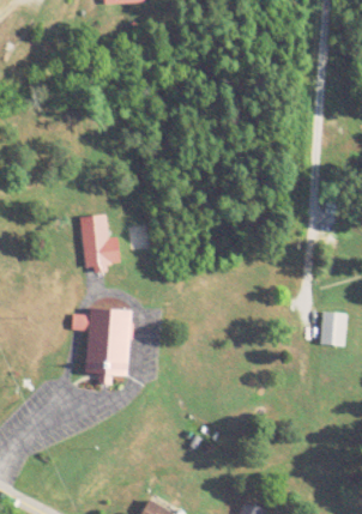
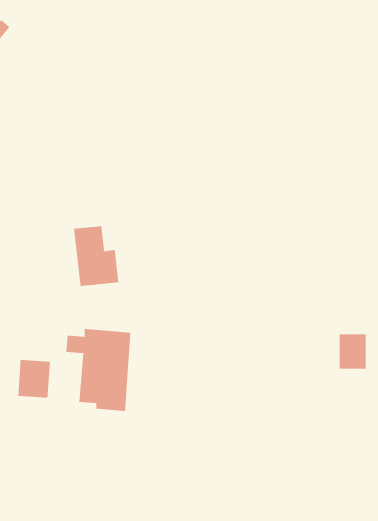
building: none -> [18,359,50,399]

